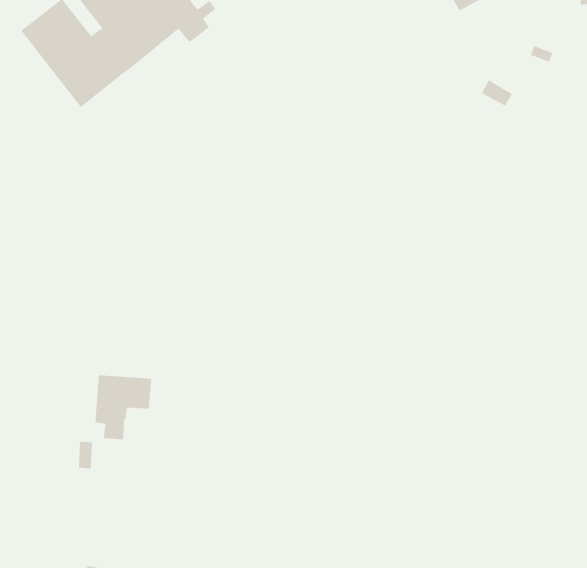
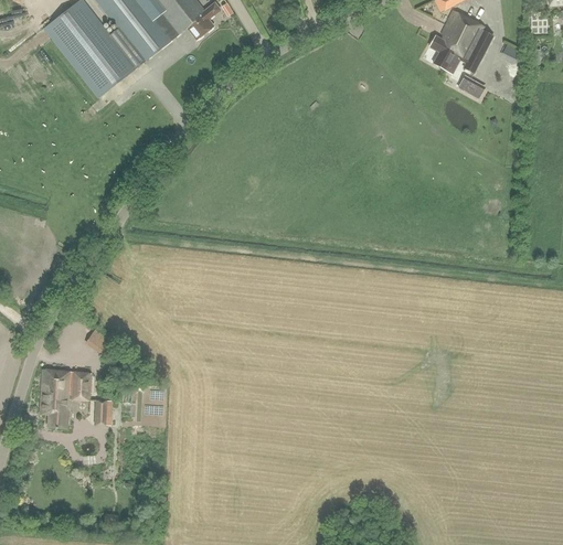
building: none -> [428,11,493,74]
building: [95,375,152,440] -> [40,368,92,427]

